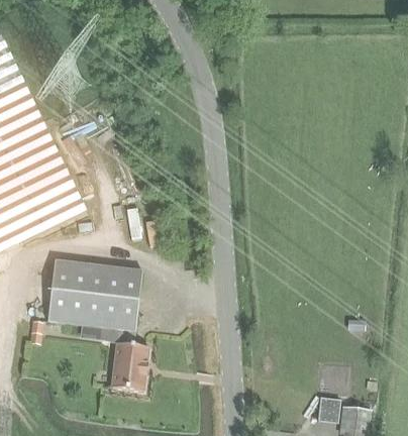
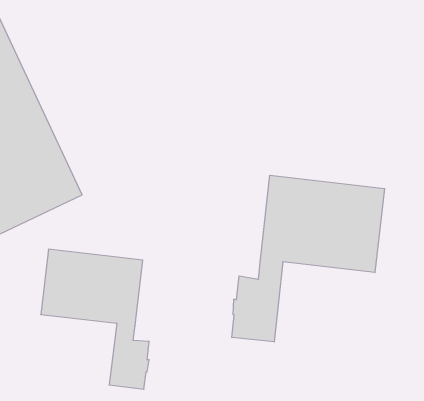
building: none -> [232,175,385,342]

